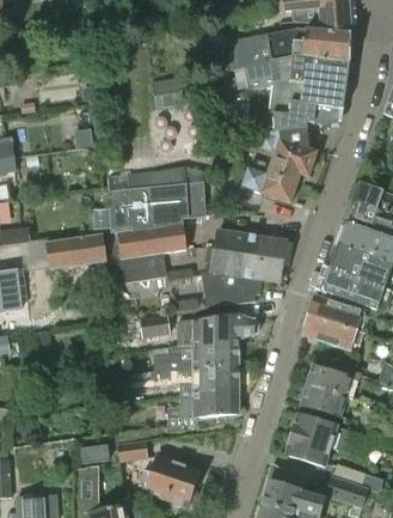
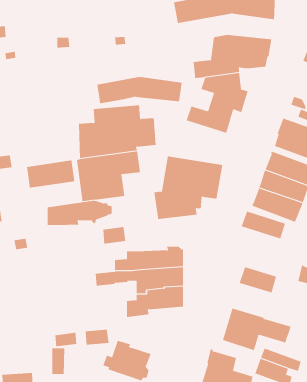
building: [245,55,350,89] -> [96,77,183,104]
building: [179,313,259,345] -> [47,200,113,226]
building: [302,315,357,351] -> none
building: [300,384,356,416] -> none

